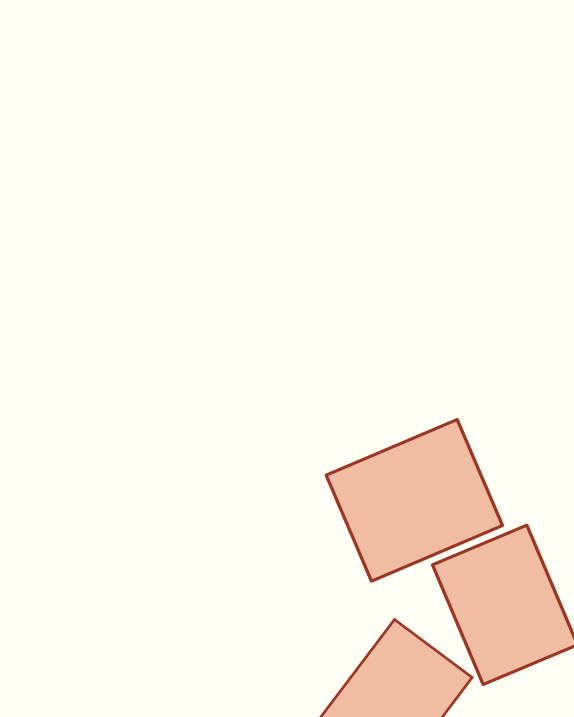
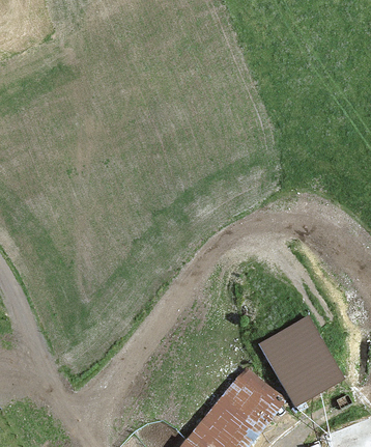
building: [326,419,502,581] -> none

